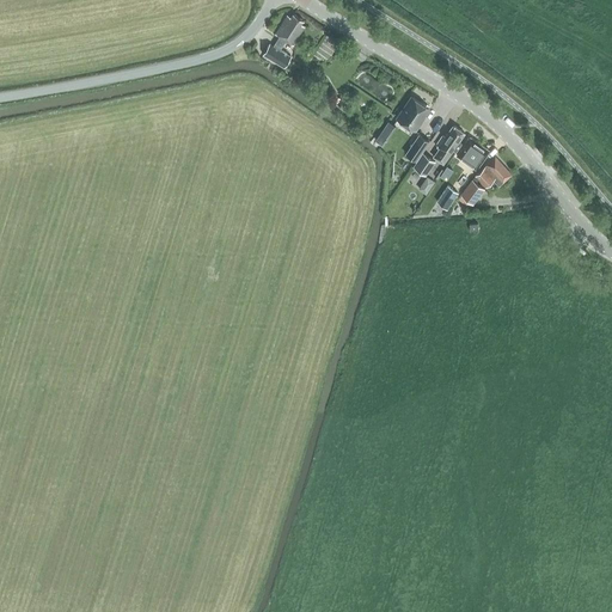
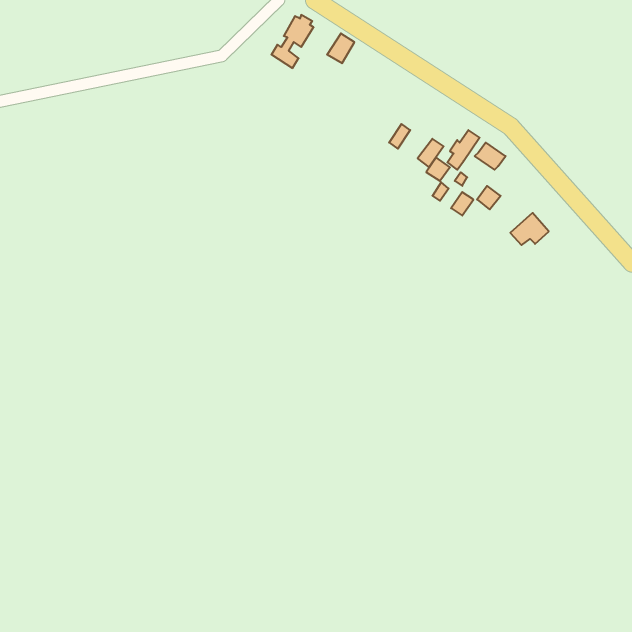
building: [396,98,427,133] -> none
building: [472,157,509,188] -> [510,213,549,245]

